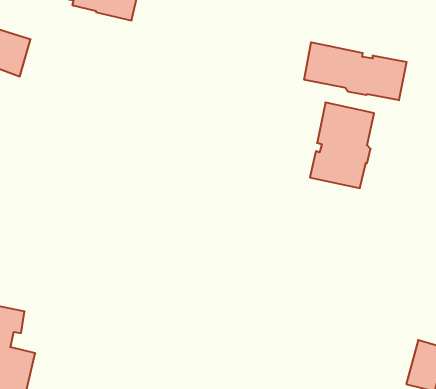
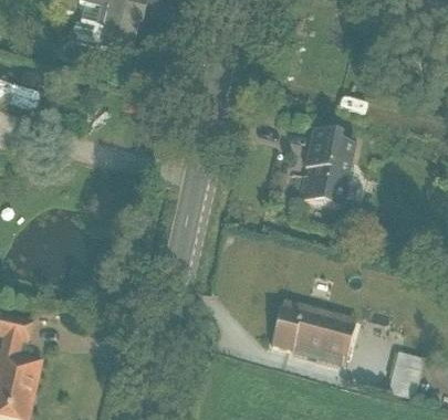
building: [304,42,406,100] -> none
building: none -> [270,305,353,365]

